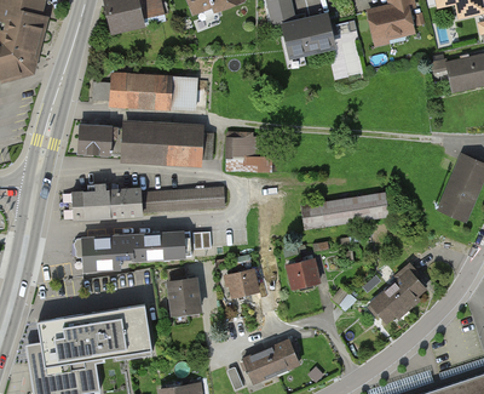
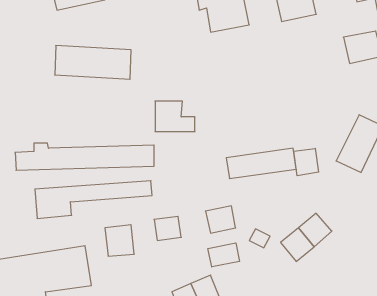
building: [77,121,207,164] -> none
building: none -> [294,148,319,176]
building: none -> [208,243,240,267]

